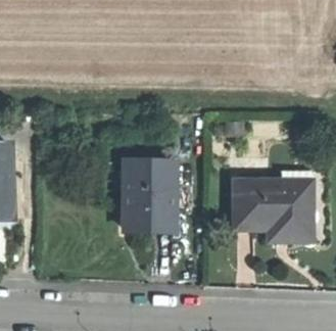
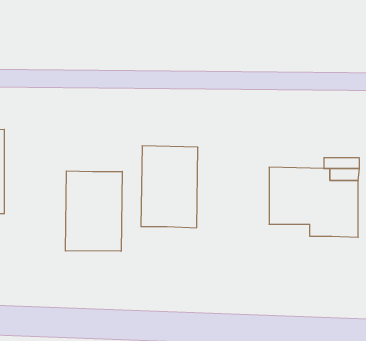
building: none -> [65,171,122,251]

